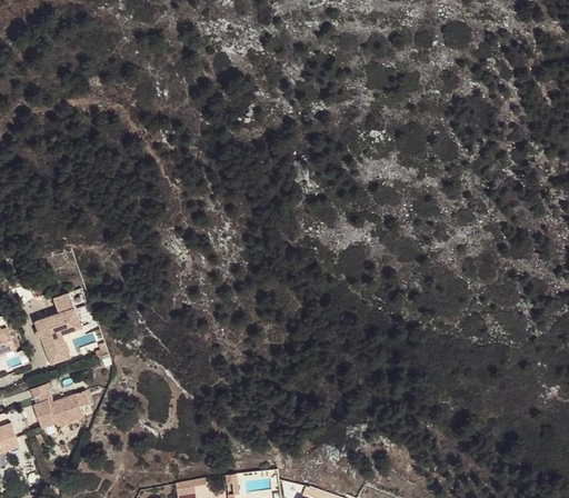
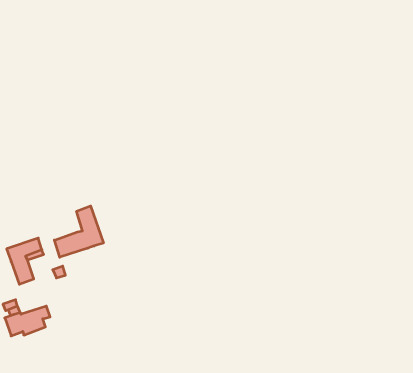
building: none -> [54,206,103,257]

